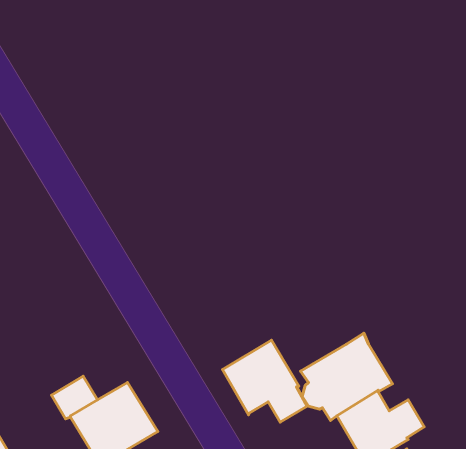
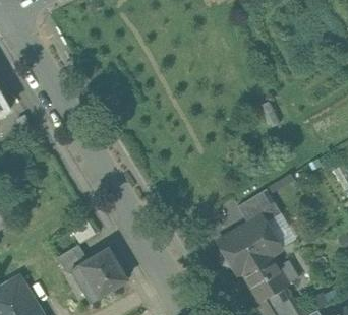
building: none -> [237,189,281,225]
building: [223,340,307,422] -> none

